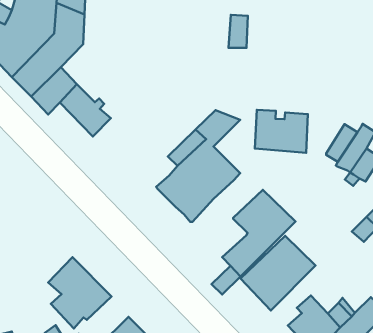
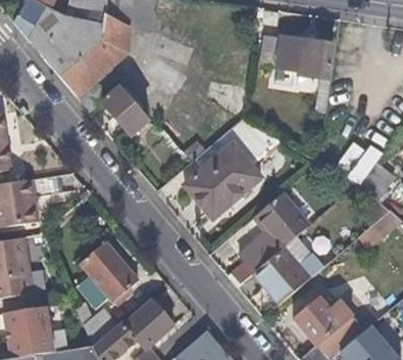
building: [255,110,308,153] -> [284,37,334,79]

